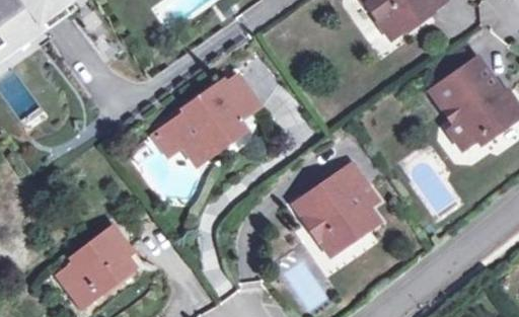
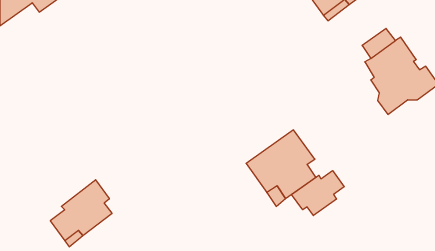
building: [152,78,254,158] -> none
building: none -> [291,171,344,216]

